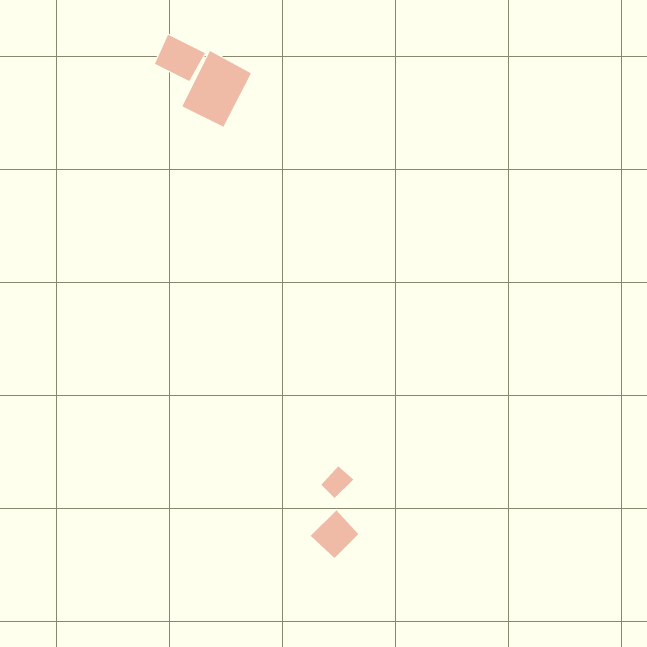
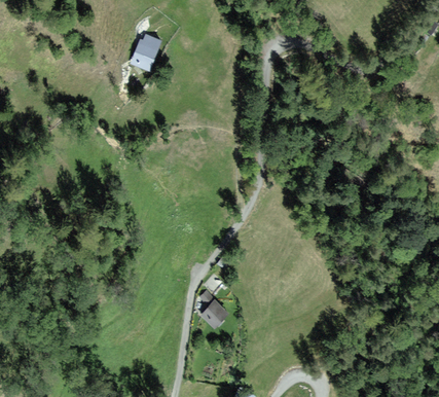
building: [154,34,206,82] -> none

